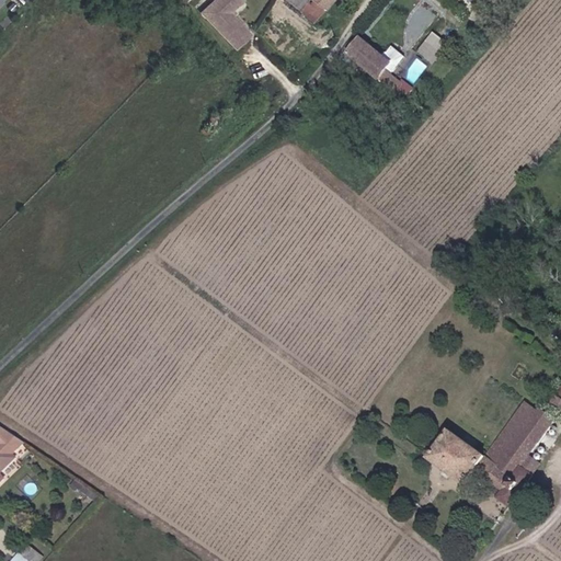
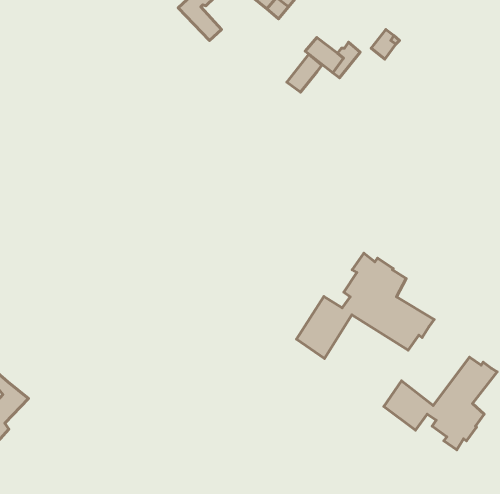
building: none -> [287,54,322,92]
building: none -> [296,253,434,359]

